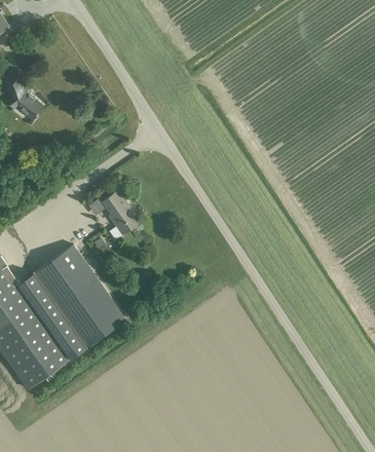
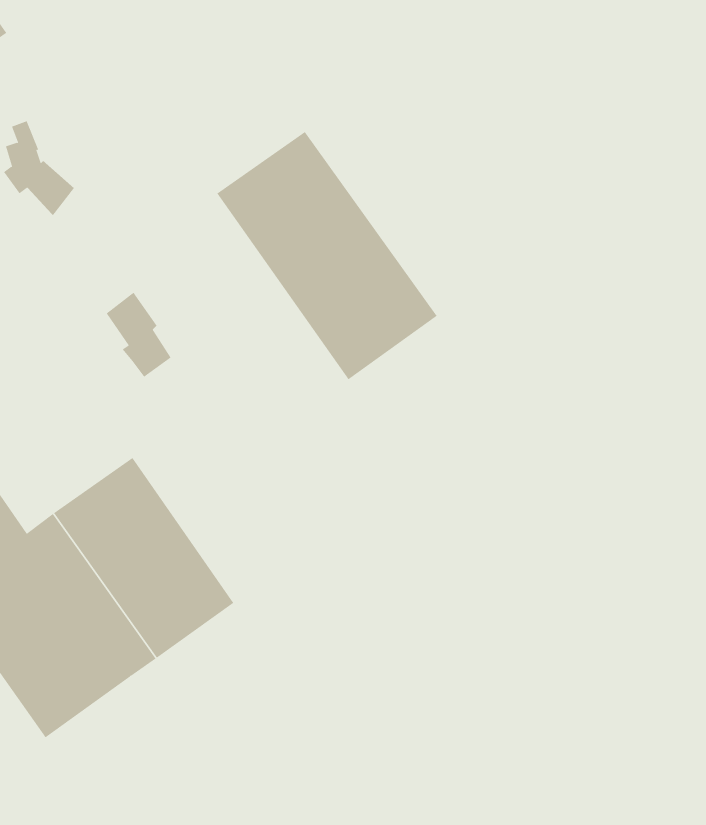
building: none -> [216,131,437,380]
building: [103,191,137,235] -> [106,292,172,377]

